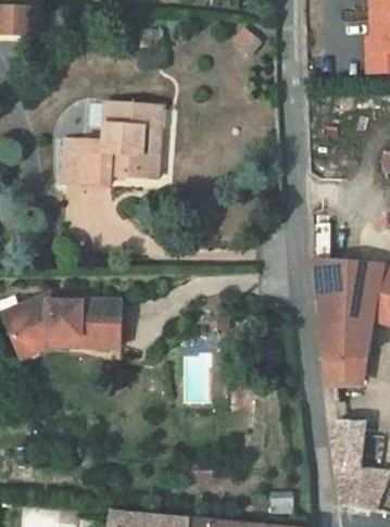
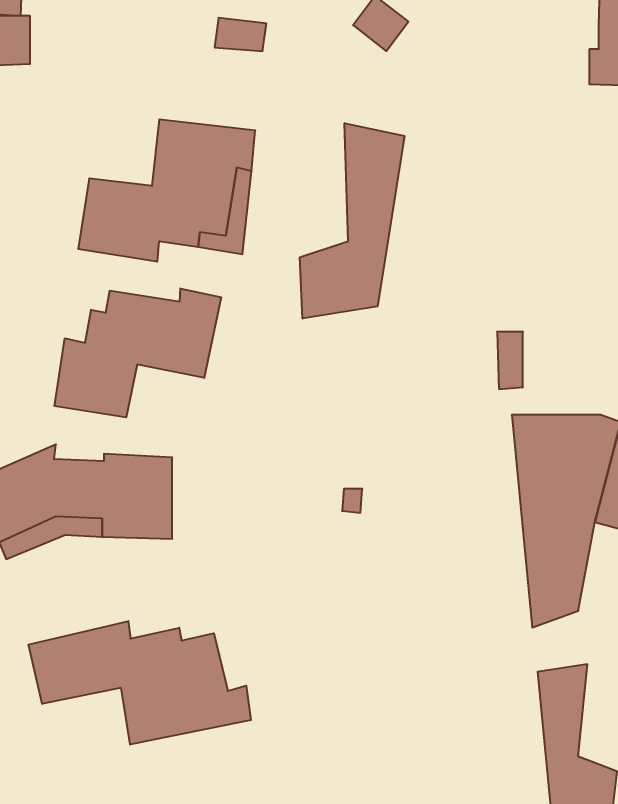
building: none -> [300,123,404,319]
building: none -> [55,288,221,417]
building: none -> [28,621,251,745]

